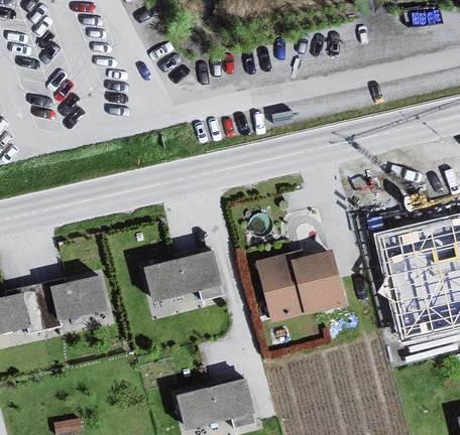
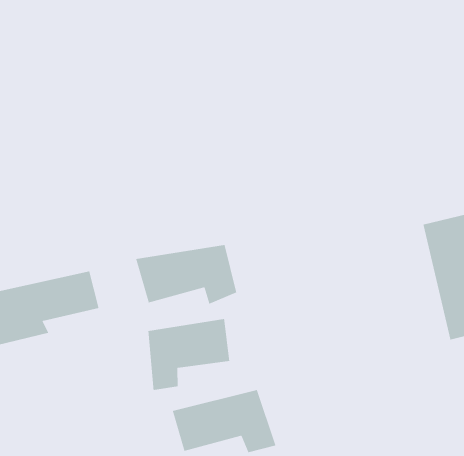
building: [252,247,345,323] -> none
building: none -> [147,318,230,391]

